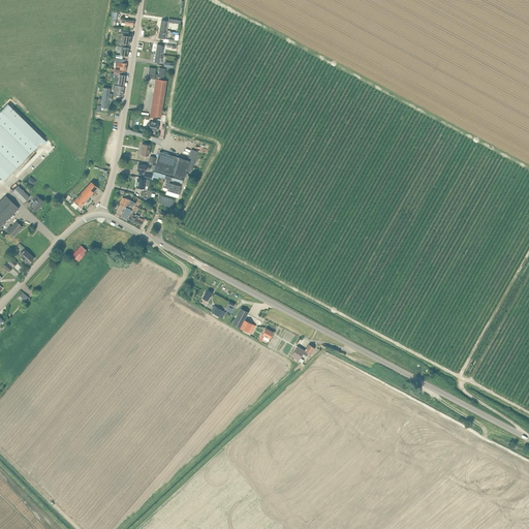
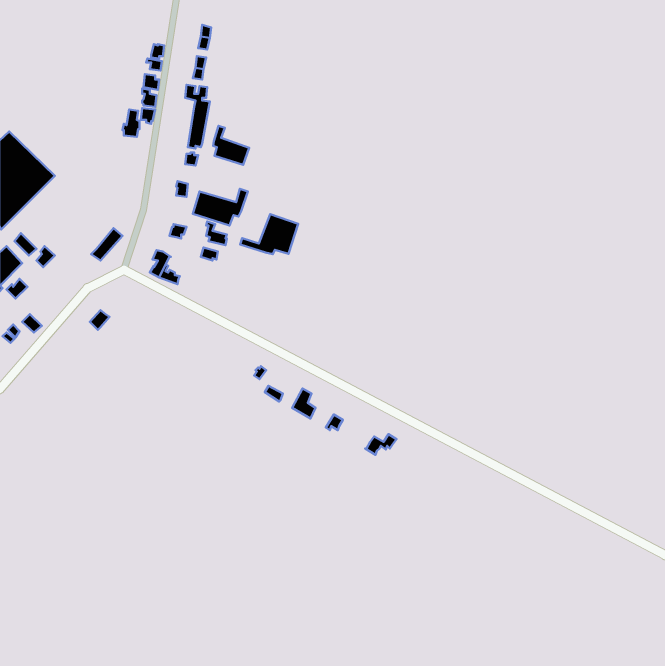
building: none -> [213,126,249,165]
building: none -> [240,214,298,254]

